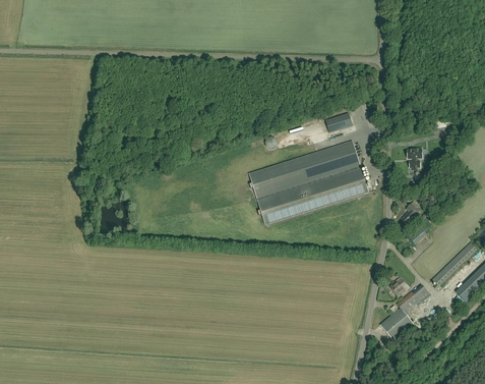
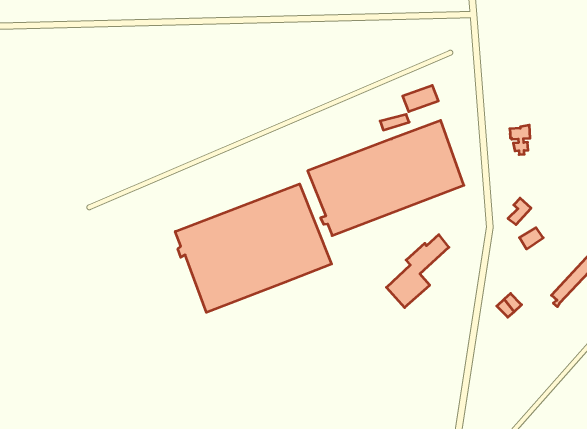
building: none -> [175,184,332,312]
building: [380,284,430,339] -> [386,235,449,308]

